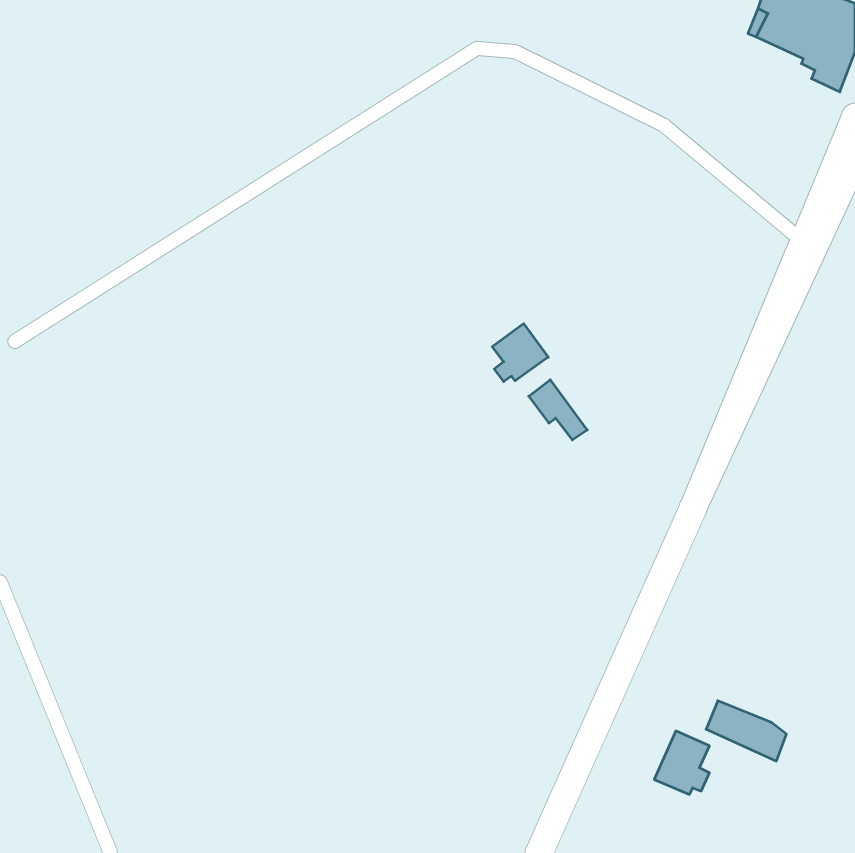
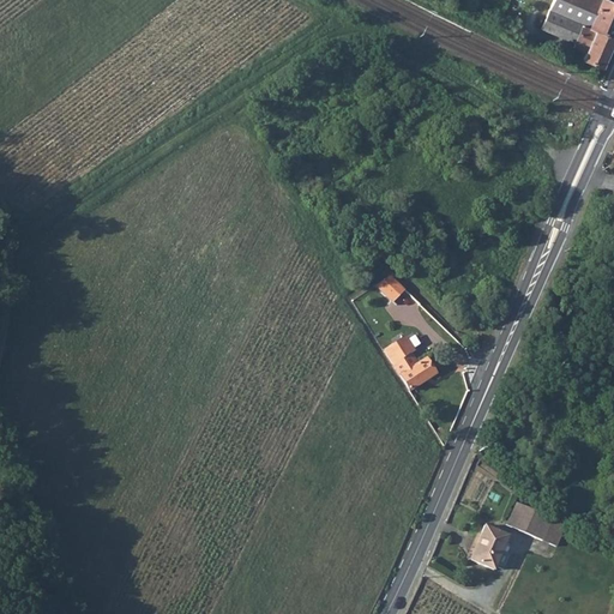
building: [492,324,548,382] -> none
building: none -> [385,336,435,389]

